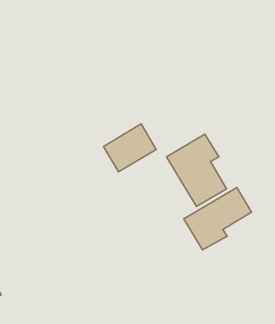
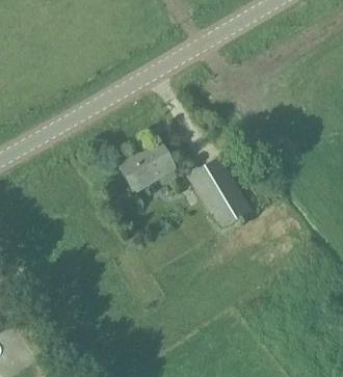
building: [184,188,251,250] -> none

